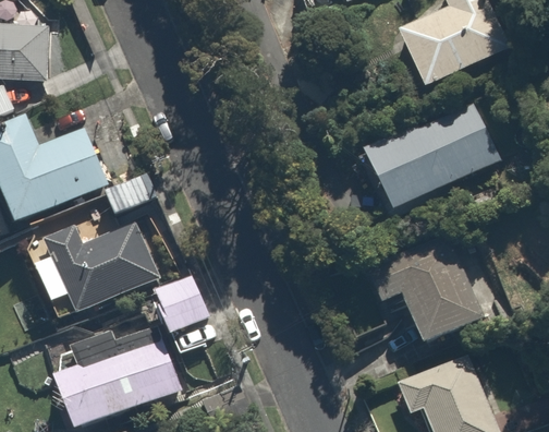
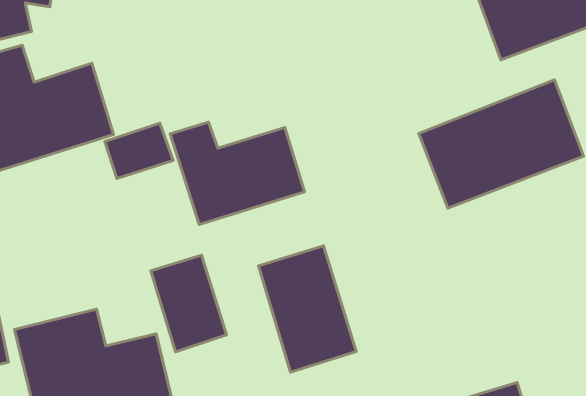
building: [42,221,158,309] -> [170,122,305,225]
building: [364,231,483,346] -> none
building: none -> [258,246,356,372]

